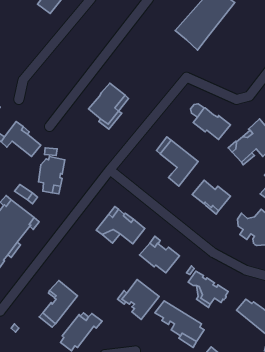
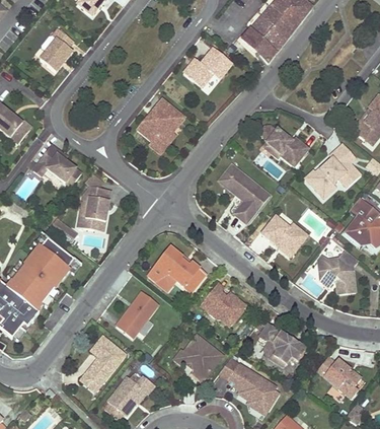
building: none -> [41,29,75,73]
building: none -> [184,48,233,87]
building: none -> [117,290,159,337]

